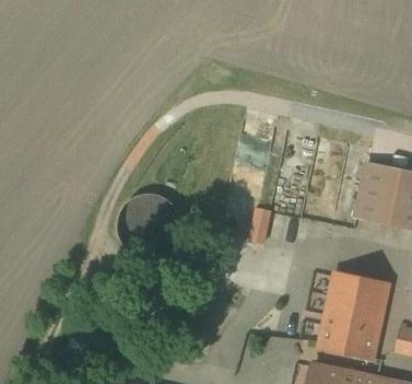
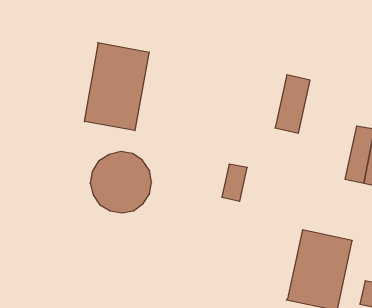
building: none -> [84,43,149,131]
building: [356,162,392,222] -> [275,75,310,133]

